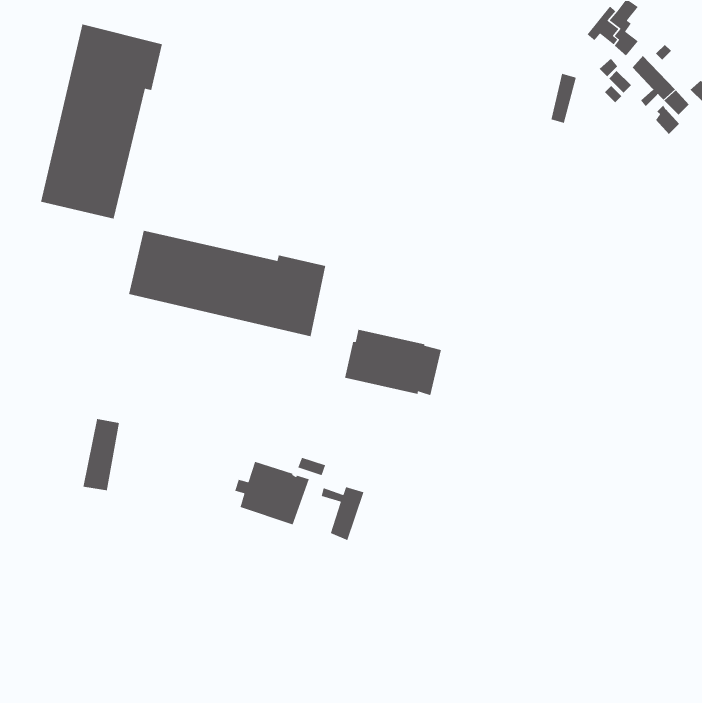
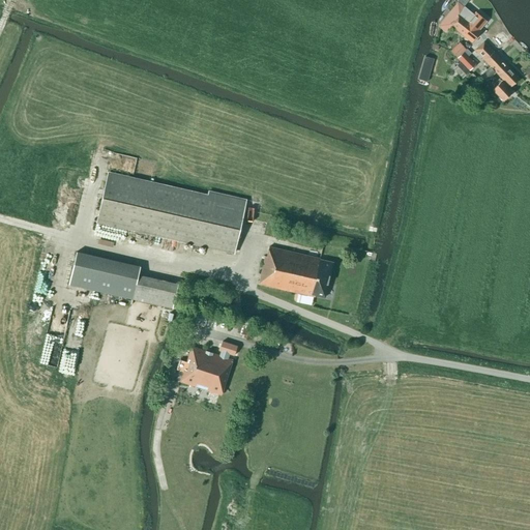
building: [40,23,163,219] -> none
building: none -> [69,249,179,308]
building: [321,486,364,541] -> none

